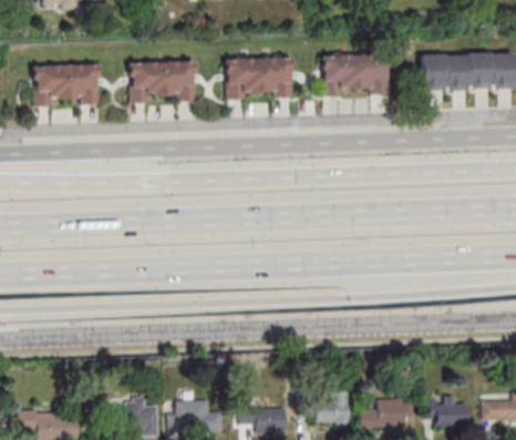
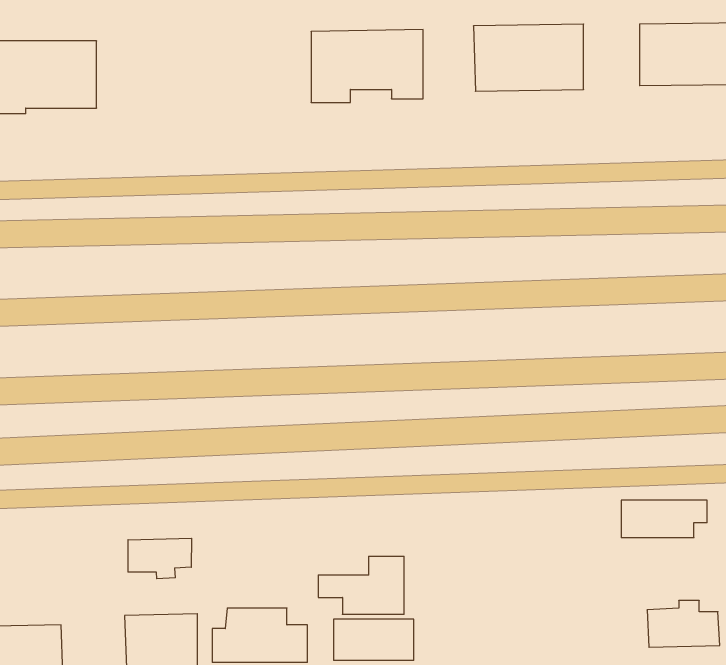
building: [130,61,197,104] -> none
building: none -> [128,538,191,579]
building: [300,390,351,424] -> [318,556,404,614]
building: [362,402,413,424] -> [621,500,707,538]

